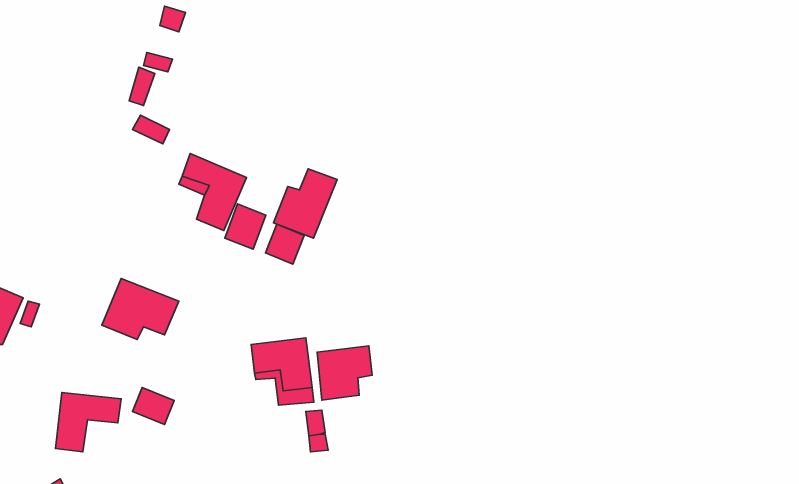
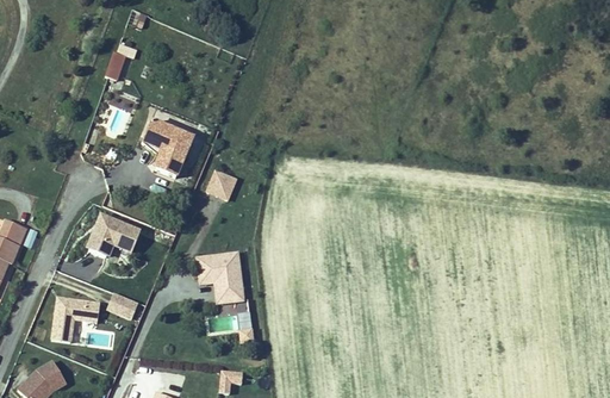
building: [274,169,337,238] -> none
building: [225,204,266,249] -> none
building: [317,346,372,400] -> none

